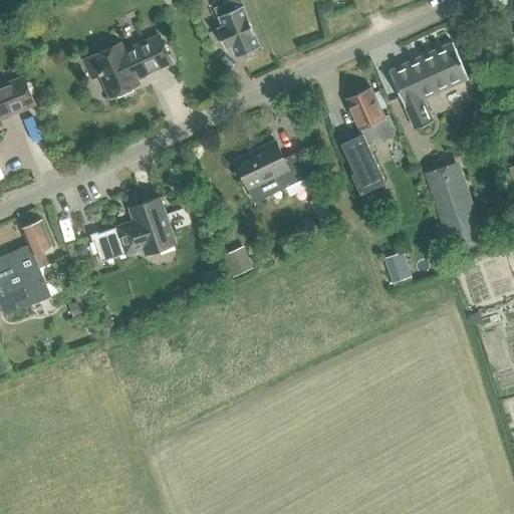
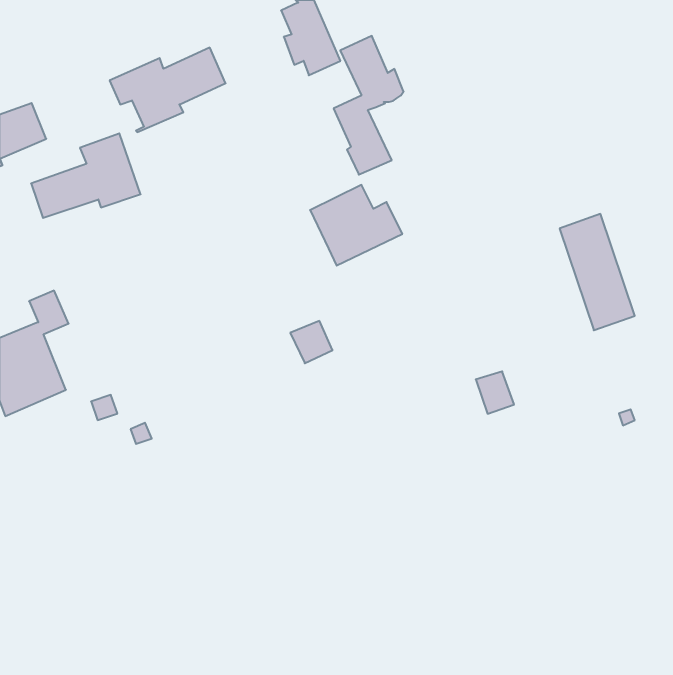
building: [390,43,468,130] -> none
building: [341,88,395,194] -> [334,36,404,175]
building: [92,198,176,262] -> [31,133,141,218]
building: [382,250,412,282] -> [476,371,514,414]

